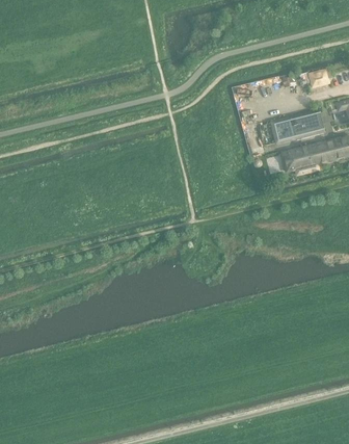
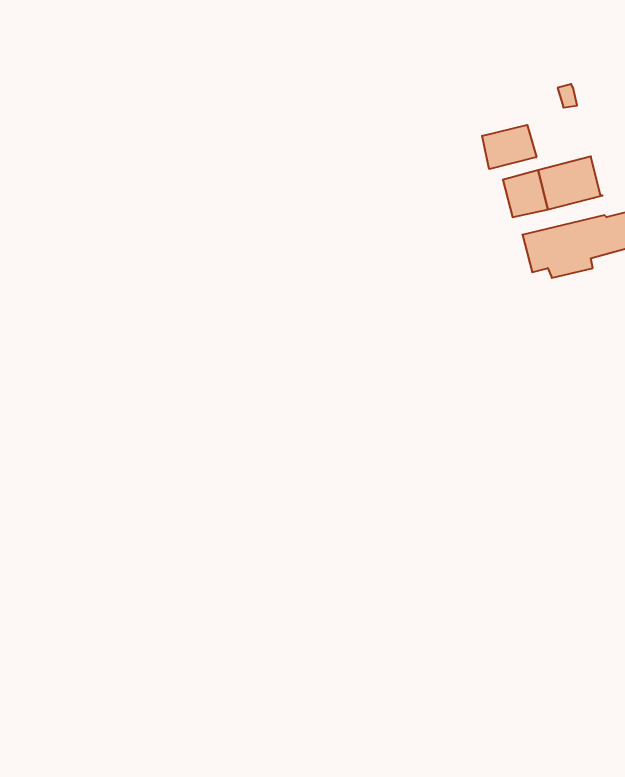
building: none -> [482,125,536,169]

